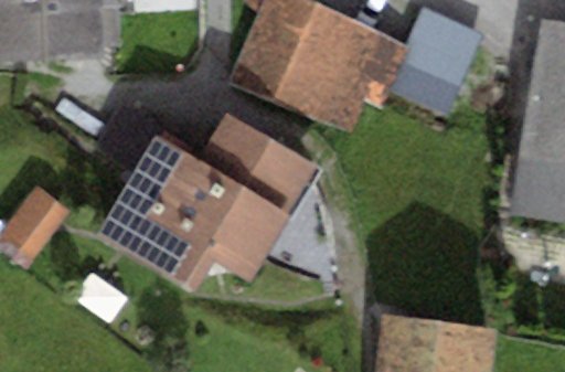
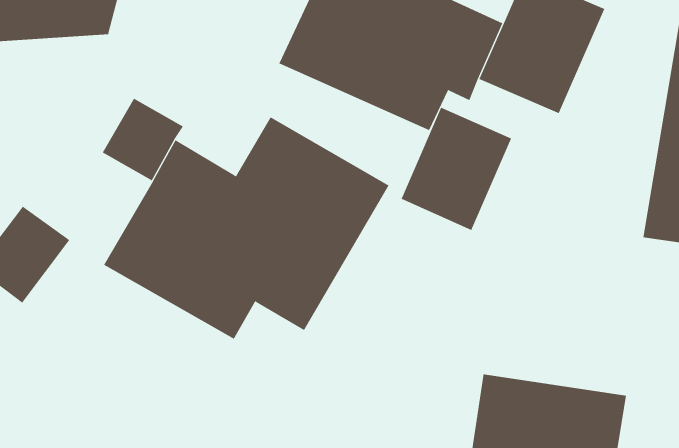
building: none -> [401,107,512,231]

